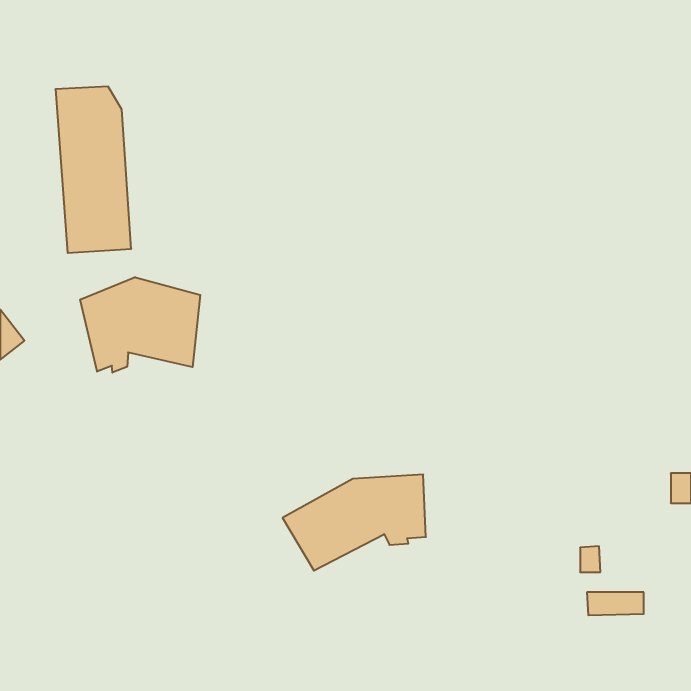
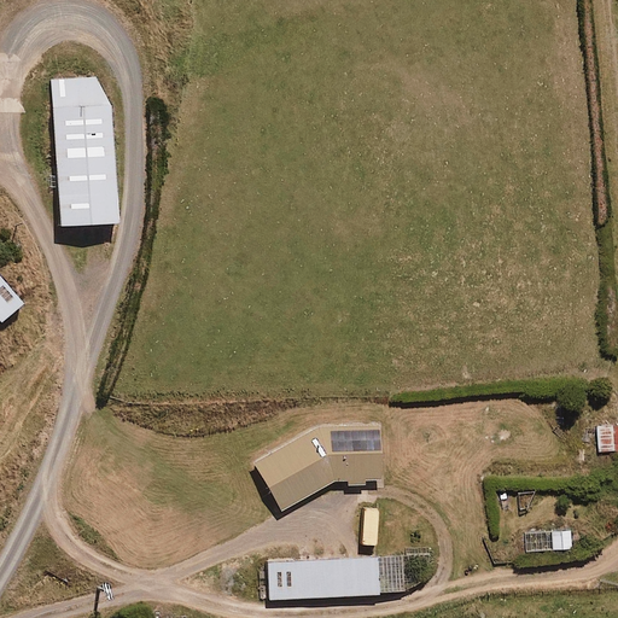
building: [80,277,200,373] -> none
building: none -> [267,552,430,601]

